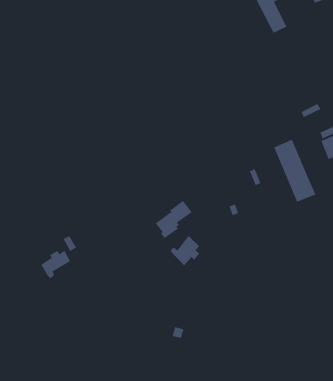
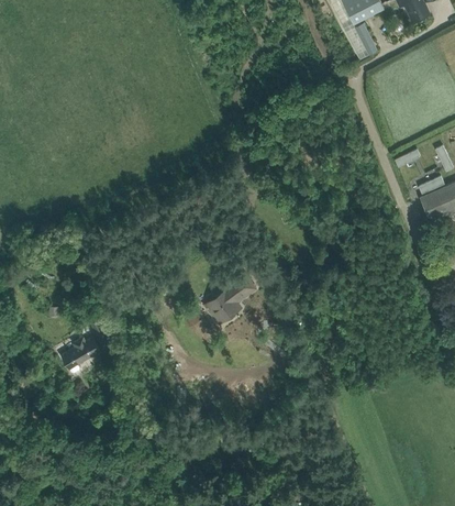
building: [274,139,316,202] -> none
building: [170,235,200,266] -> none

